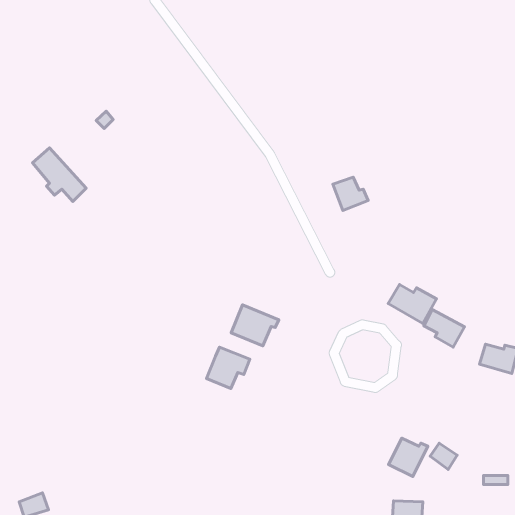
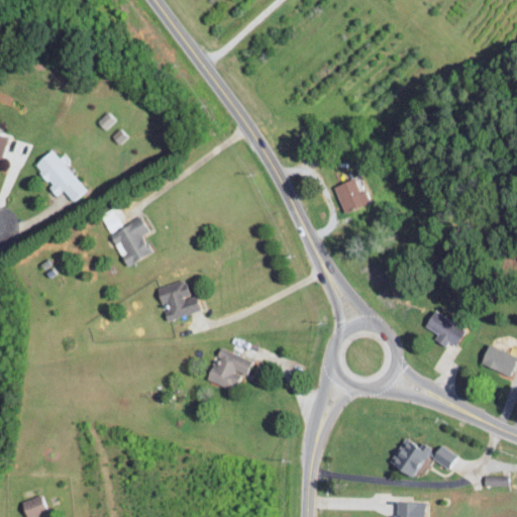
building: none -> [103,215,150,265]
building: none -> [157,280,200,321]
building: [388,285,436,323] -> none
building: [231,305,279,346] -> none

